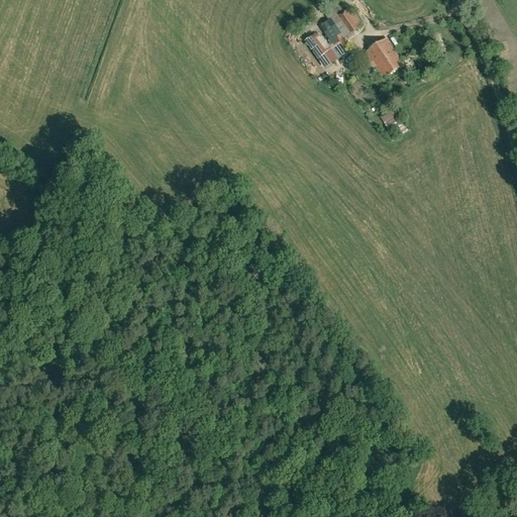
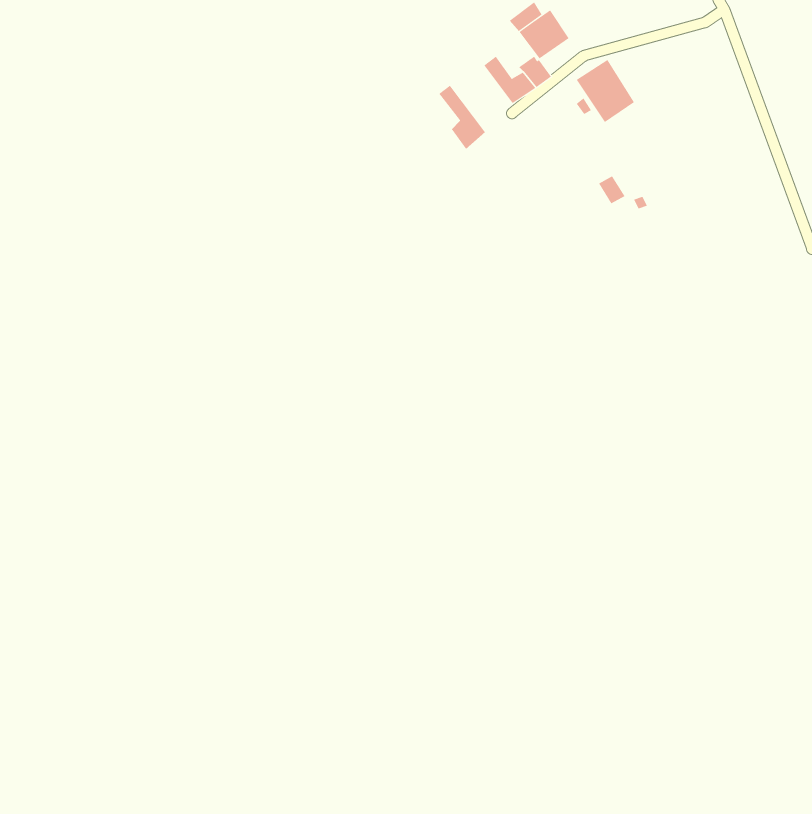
building: none -> [438,85,486,150]

